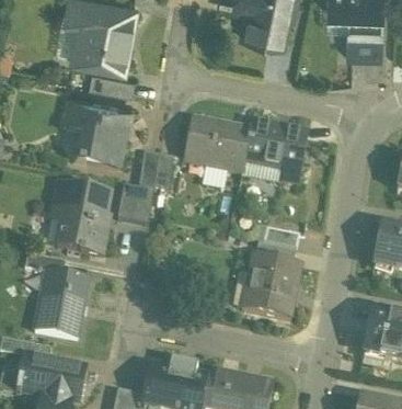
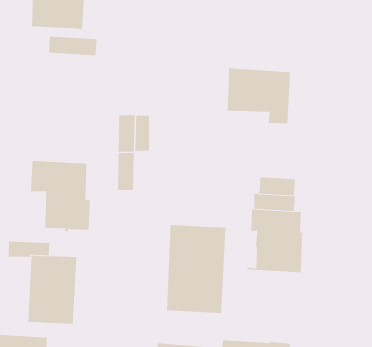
building: [62,98,130,169] -> none
building: [182,121,249,173] -> none
building: none -> [166,224,227,314]

